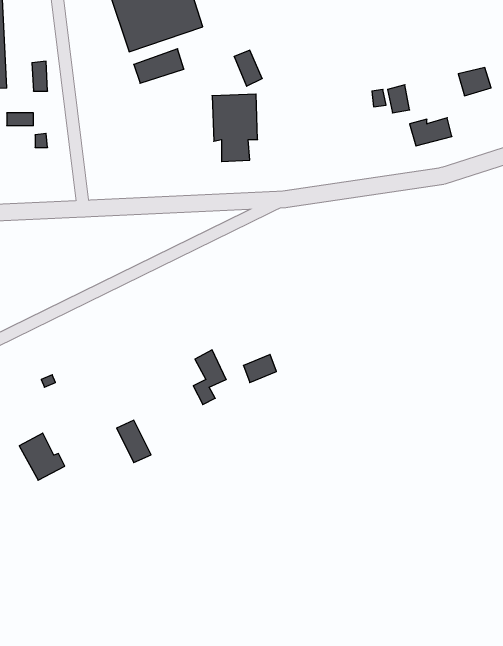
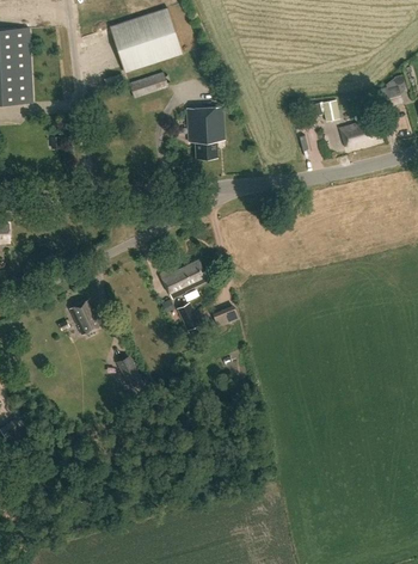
building: none -> [159,258,208,298]
building: [19,433,65,480] -> [68,299,103,335]

